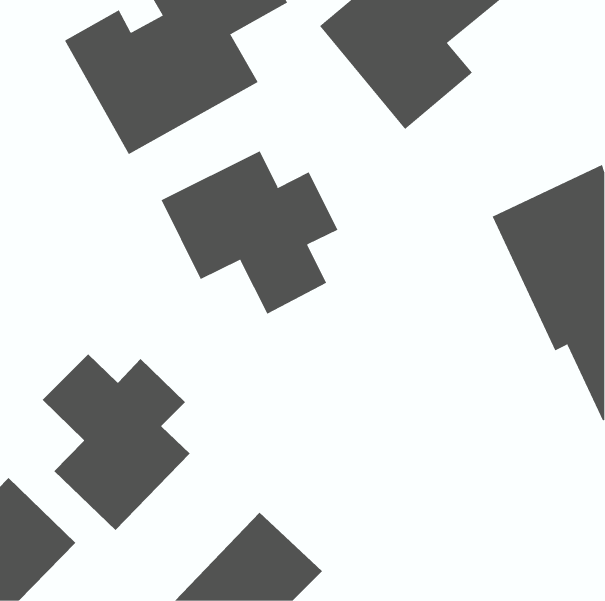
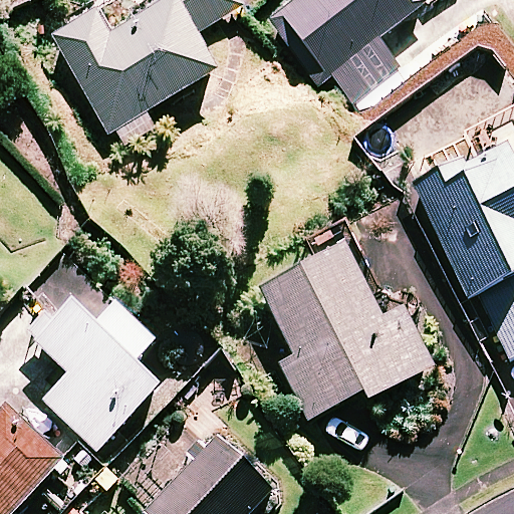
building: [161,150,338,314] -> none
building: none -> [262,244,434,417]

